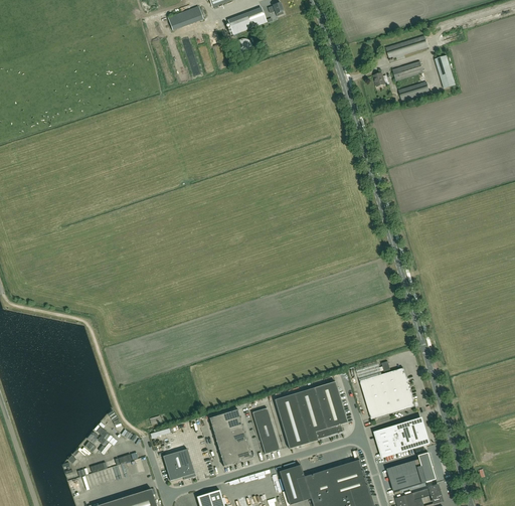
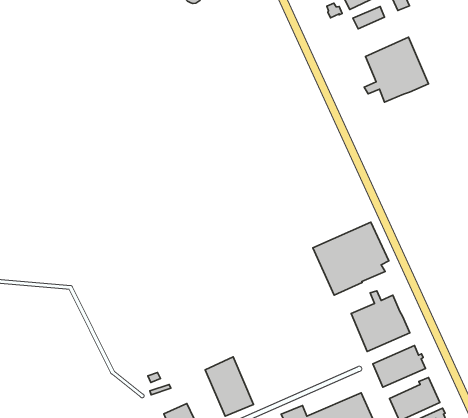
building: none -> [364,37,429,102]
building: [274,381,347,449] -> [313,222,389,295]
building: [251,407,279,454] -> none

